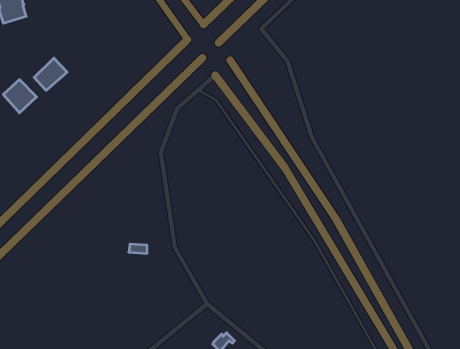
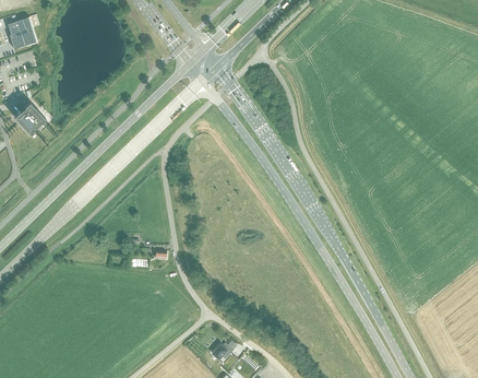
building: [34,58,67,90] -> none

